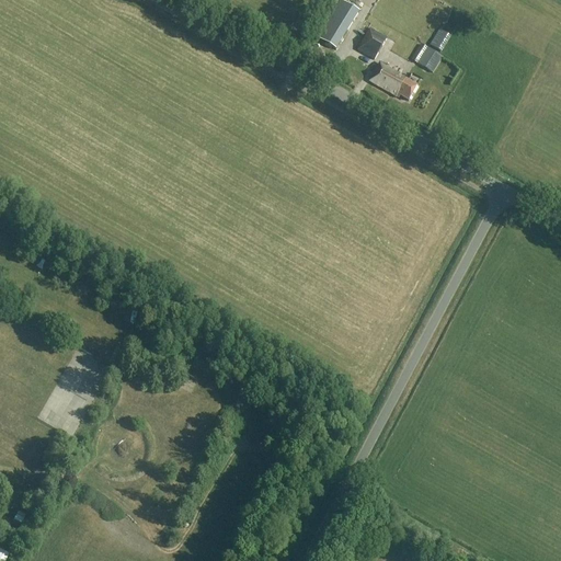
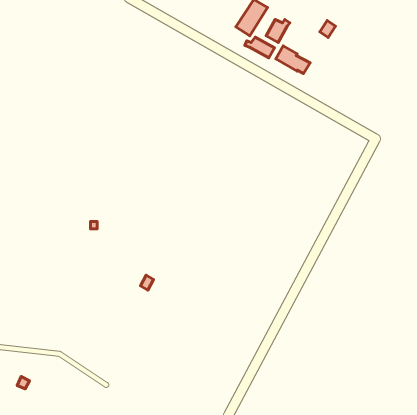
building: [411,43,442,71] -> none
building: none -> [245,37,275,58]

